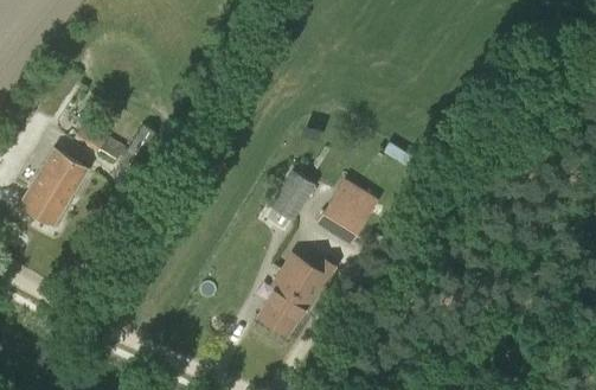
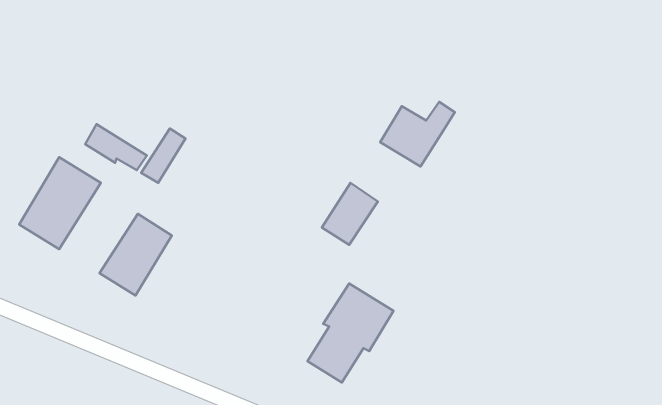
building: [316,191,378,244] -> [380,102,455,167]
building: none -> [100,214,172,295]

